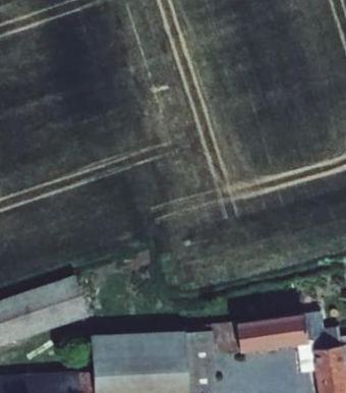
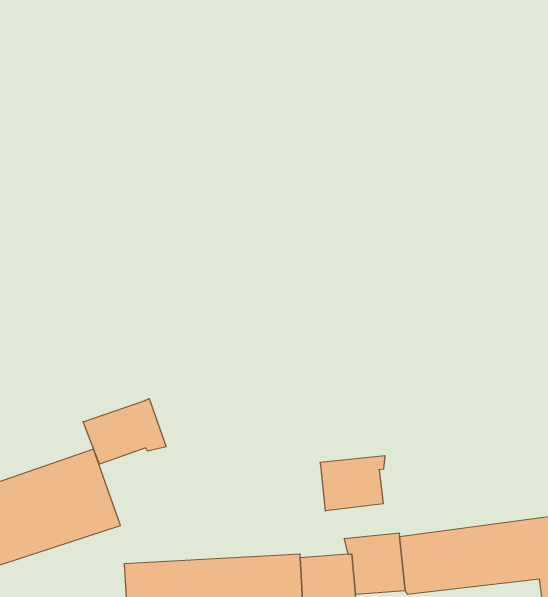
building: none -> [83,399,166,464]
building: none -> [320,456,385,511]

